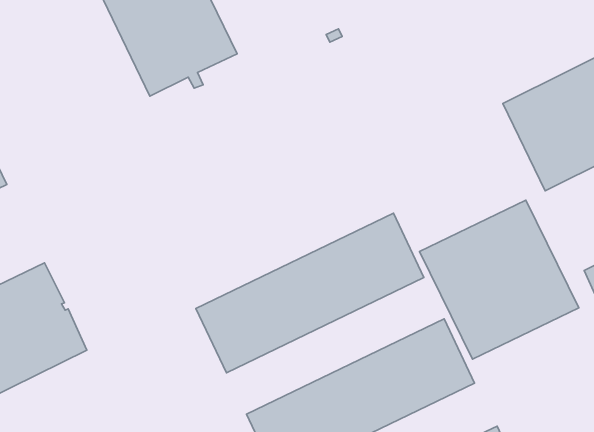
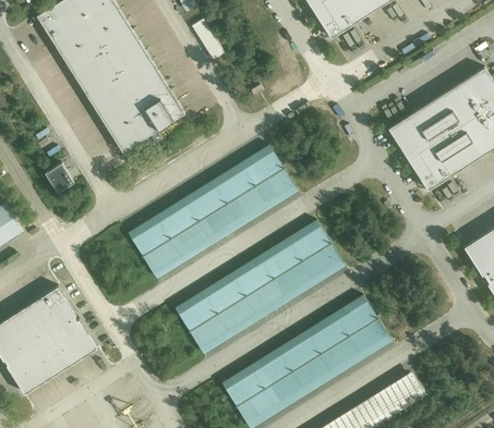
building: none -> [46,163,74,193]
building: none -> [129,145,298,279]
building: [420,200,579,359] -> none

